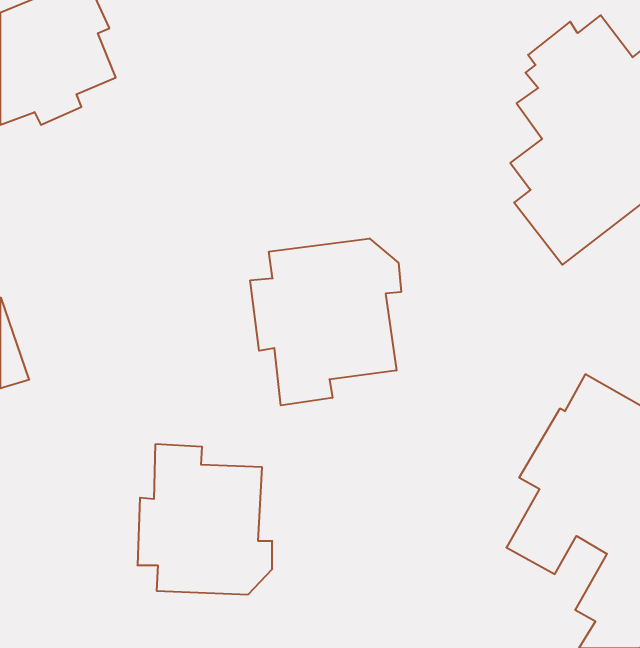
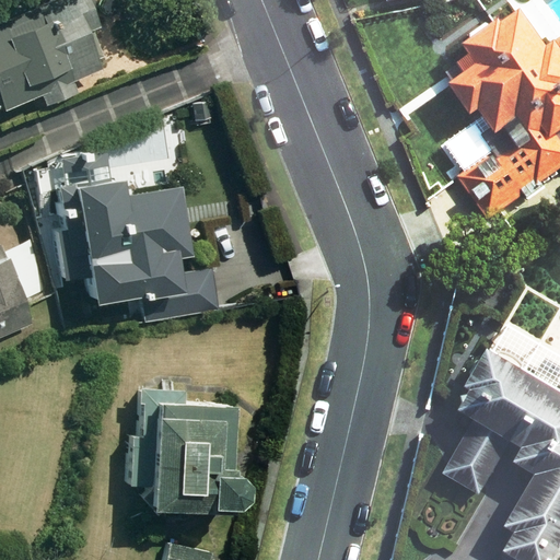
building: none -> [62,184,223,313]
building: [250,238,401,405] -> none

